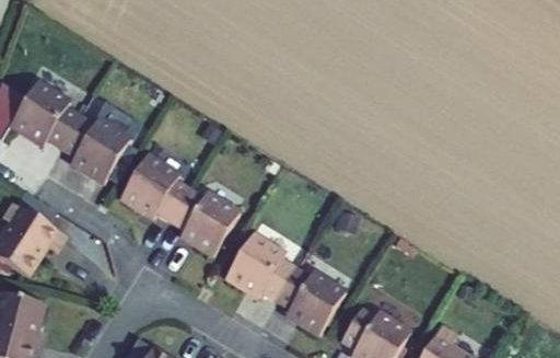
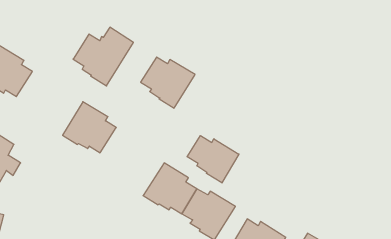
building: [59,106,138,183] -> [73,27,133,86]
building: [168,188,240,255] -> [141,57,195,108]
building: none -> [187,136,239,183]

